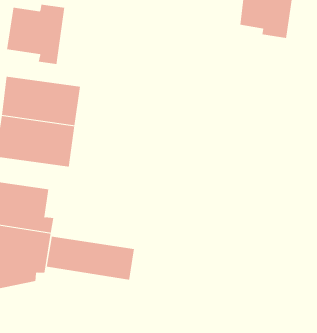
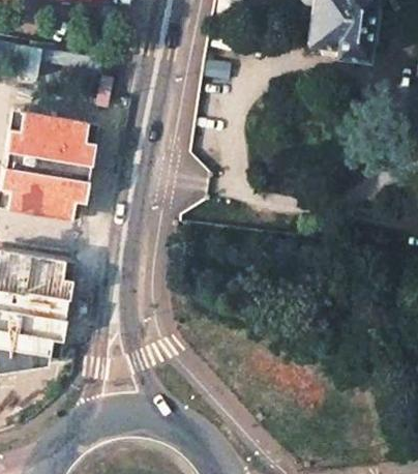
building: [6,4,65,65] -> none
building: [46,236,134,280] -> none

